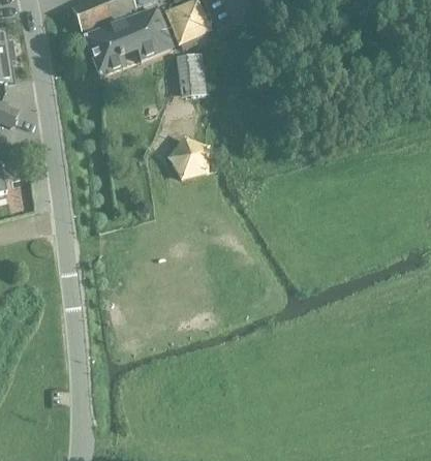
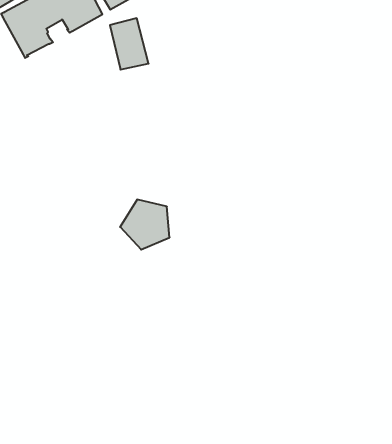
building: [165,136,208,180] -> [120,200,170,250]

